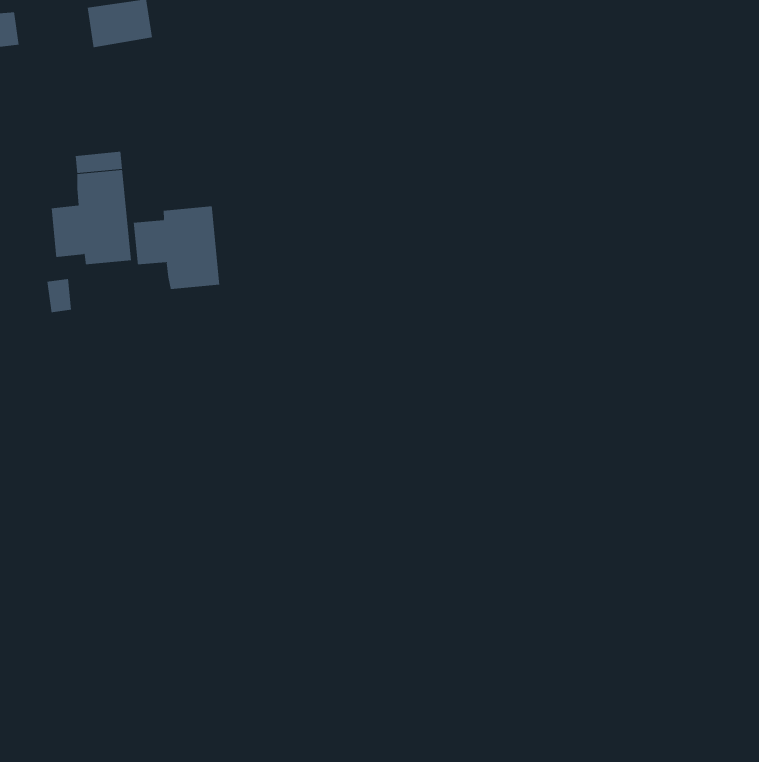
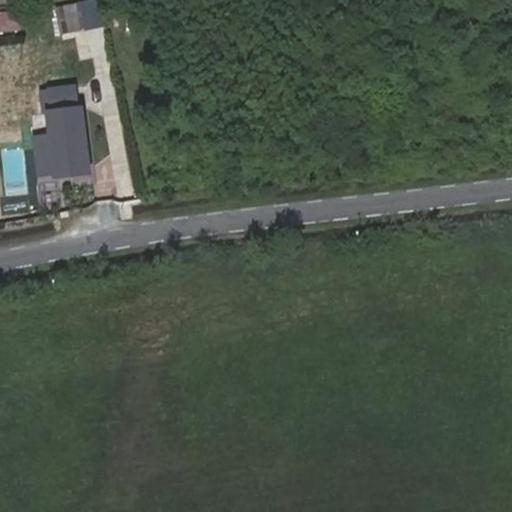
building: [133,205,220,290] -> none

